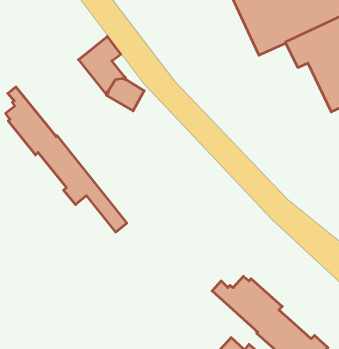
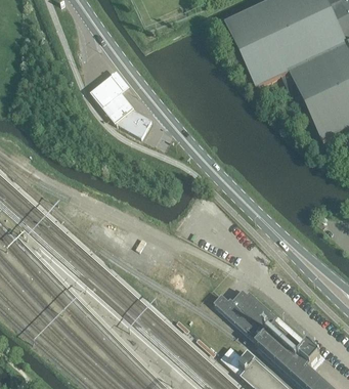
building: [6,87,127,232] -> none

